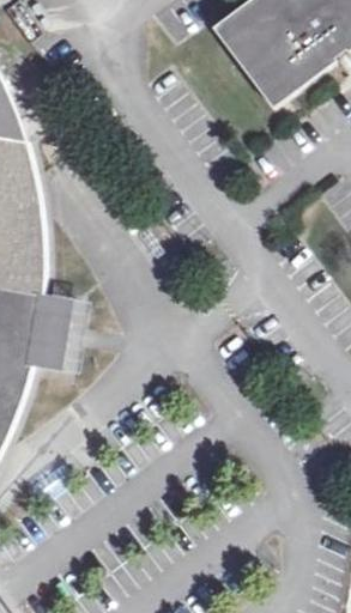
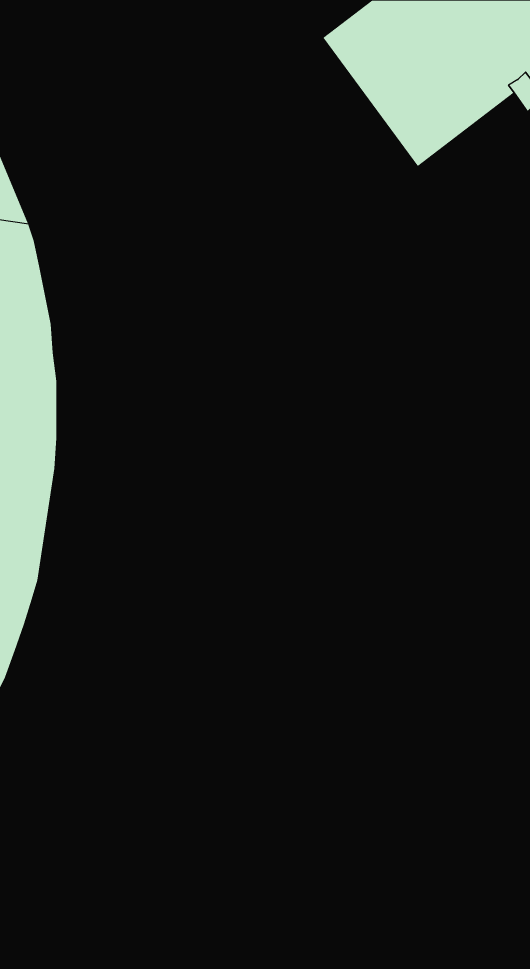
building: [32,296,73,372] -> none

